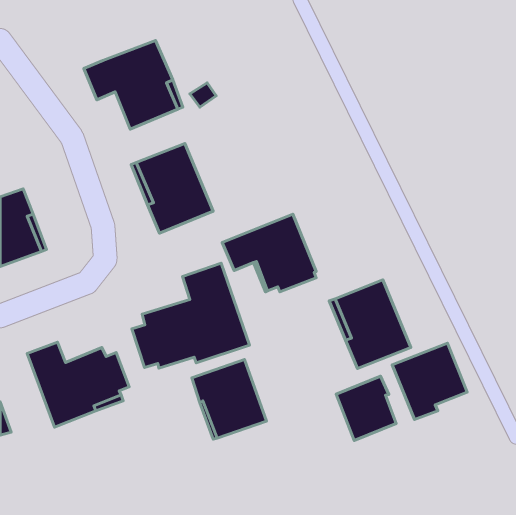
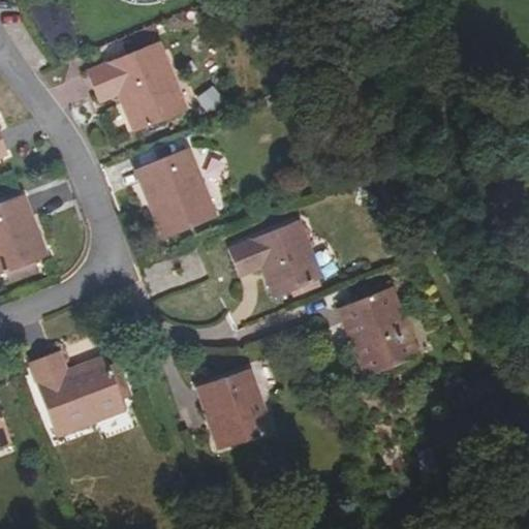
building: [132,263,250,368] -> none
building: [392,343,467,420] -> none
building: [336,376,396,440] -> none

